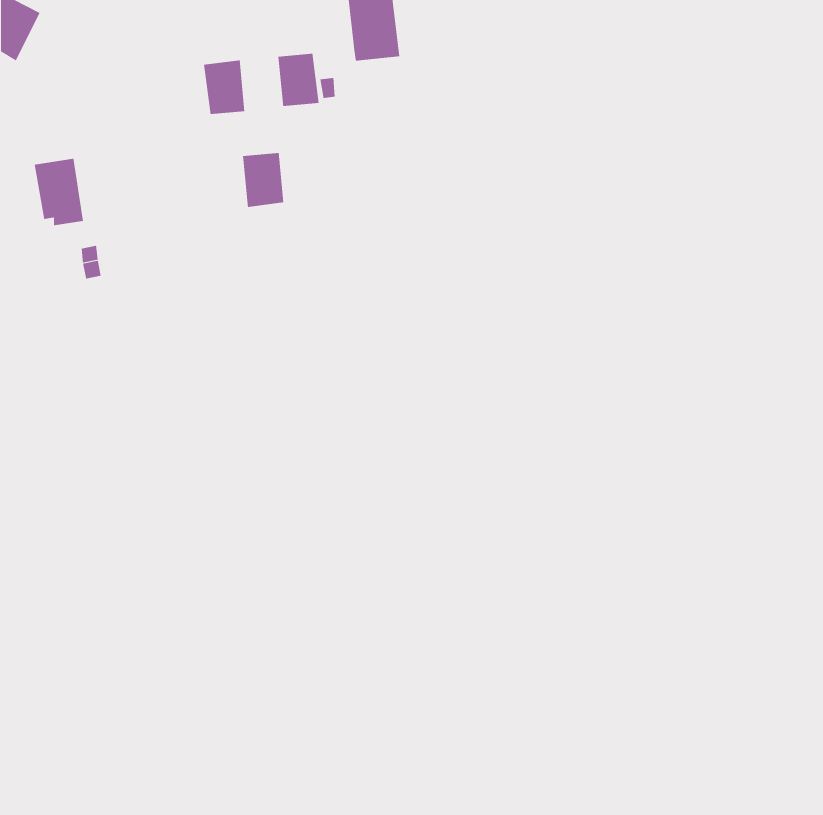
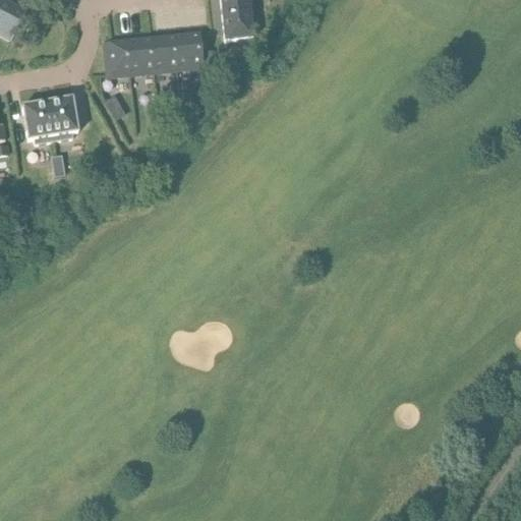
building: none -> [105,41,133,75]
building: none -> [48,96,78,139]
building: [242,153,284,207] -> [153,36,179,70]

